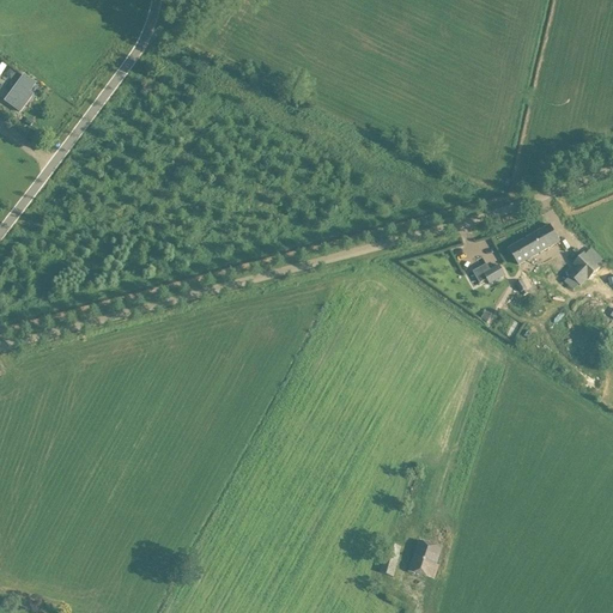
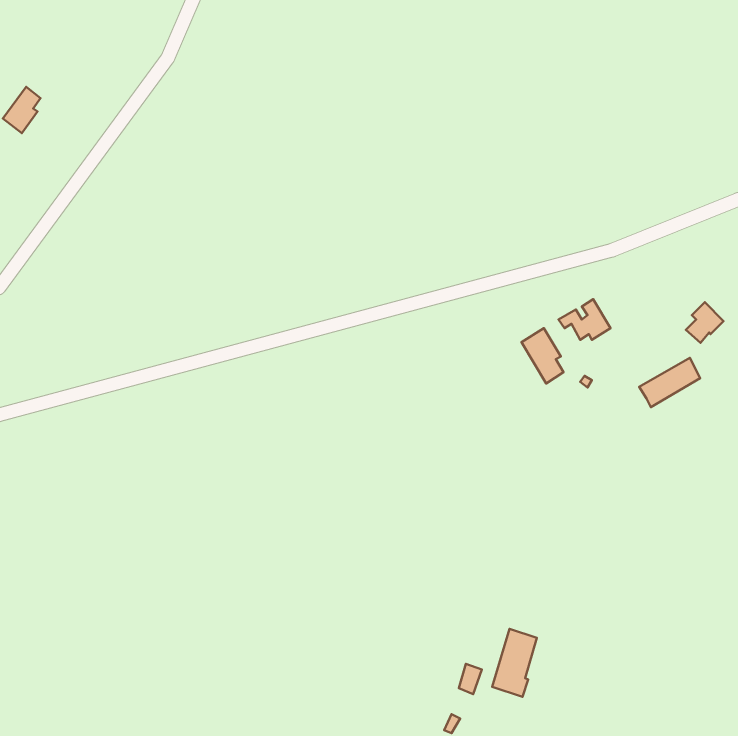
building: [508,223,558,263] -> [639,358,700,407]
building: none -> [522,328,563,384]

